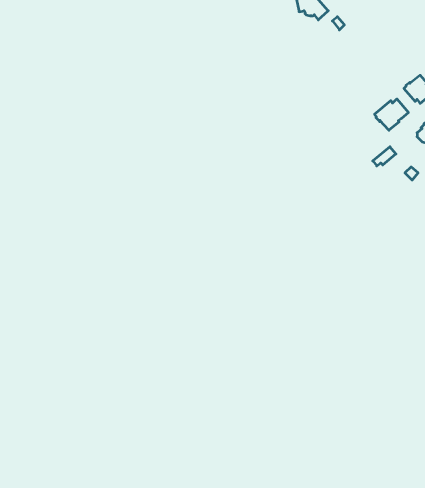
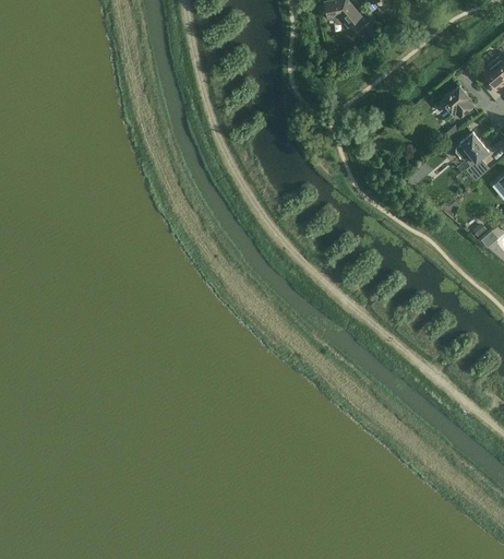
building: [375,99,408,130] -> none

